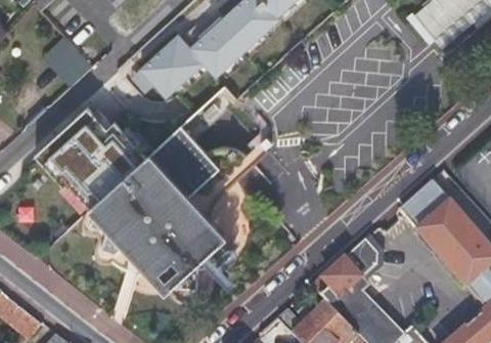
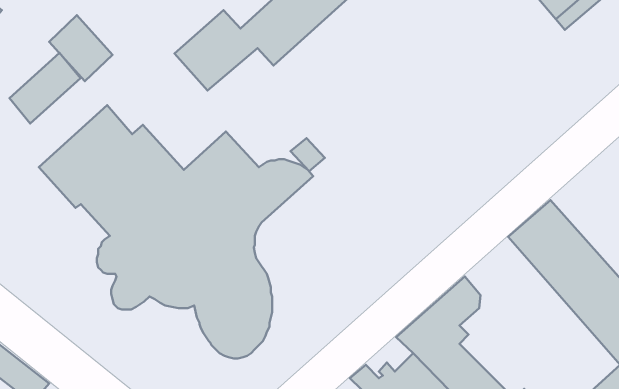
building: none -> [9,53,80,123]

